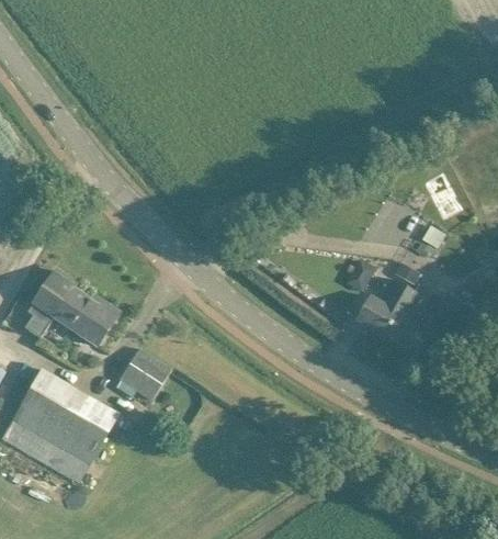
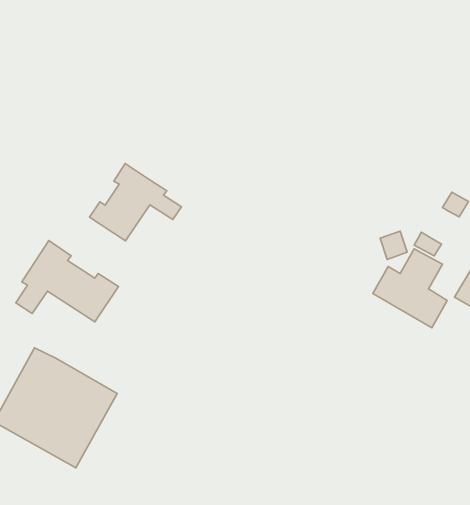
building: none -> [90,163,182,241]
building: [120,350,170,398] -> none

